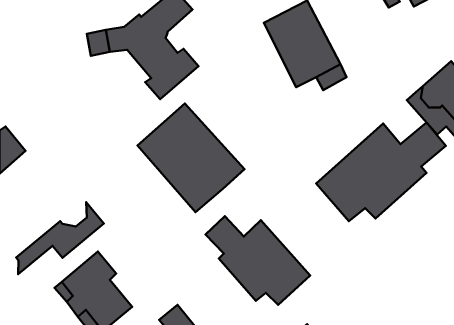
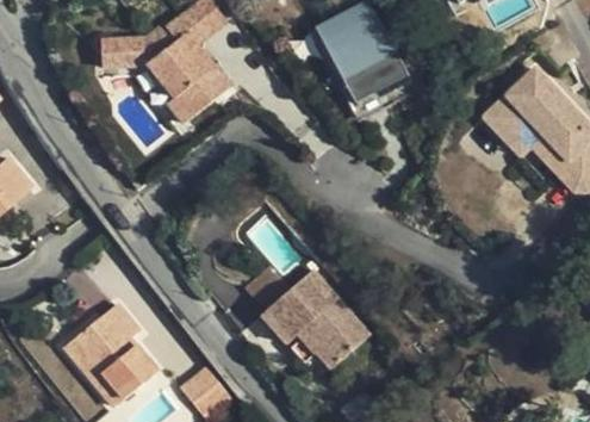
building: [138,104,244,212] -> none
building: [316,123,446,221] -> none
building: [16,202,104,274] -> none

